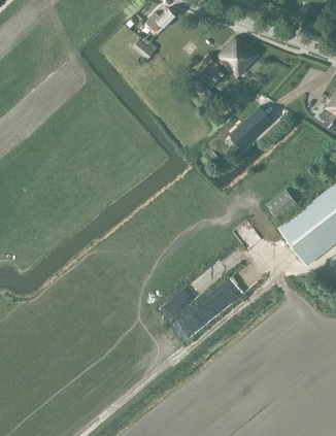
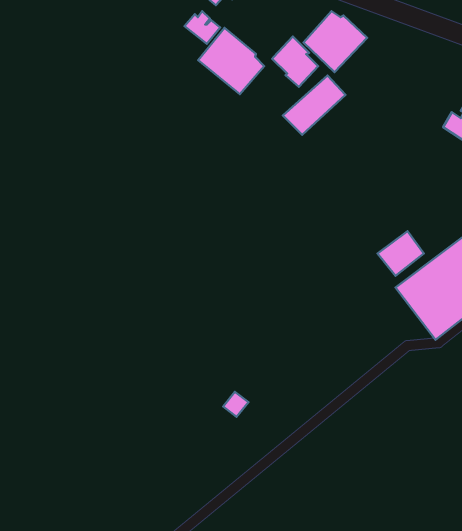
building: none -> [198,28,264,94]
building: [230,107,273,148] -> [283,75,345,135]

